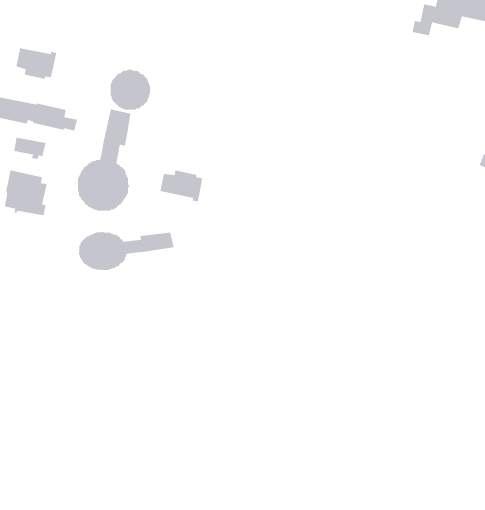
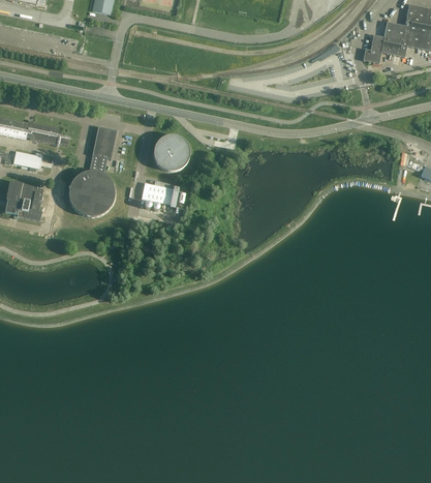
building: [16,47,57,79] -> none
building: [110,69,151,110] -> [154,133,190,170]
building: [78,231,174,271] -> none

